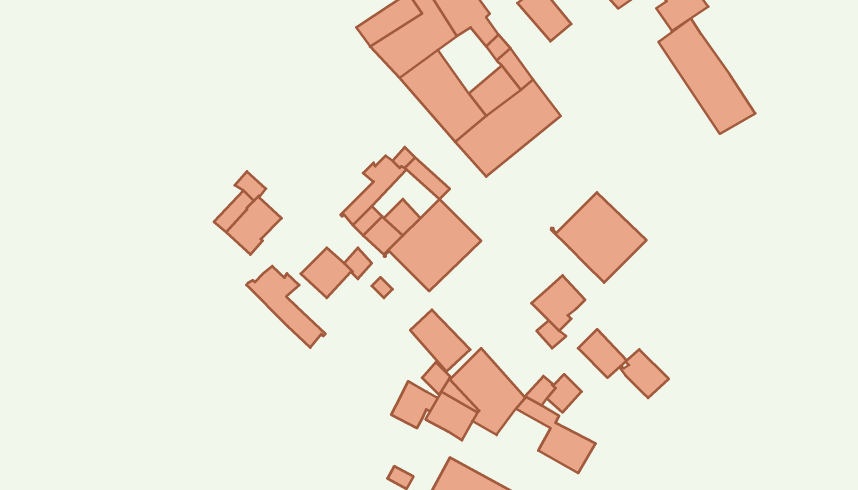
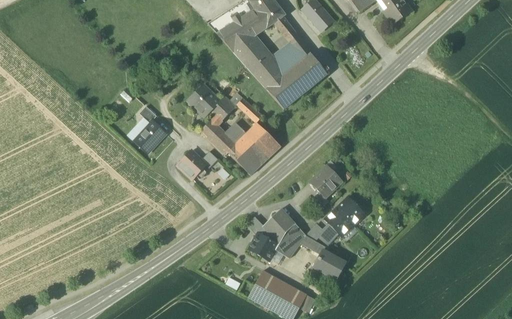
building: [659,18,755,134] -> none
building: none -> [188,83,226,117]
building: [551,192,646,283] -> none
building: [246,266,325,348] -> none
building: [410,310,470,372] -> none
building: [620,349,669,398] -> [326,207,354,235]
building: [391,381,438,428] -> none

